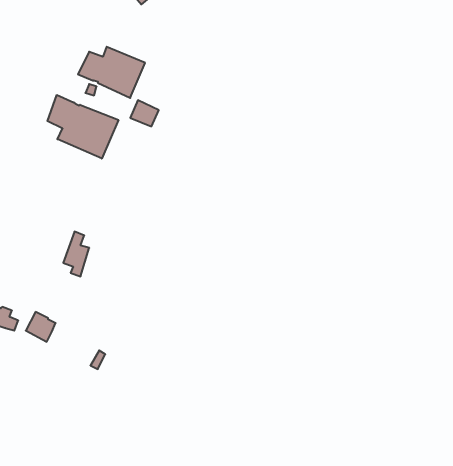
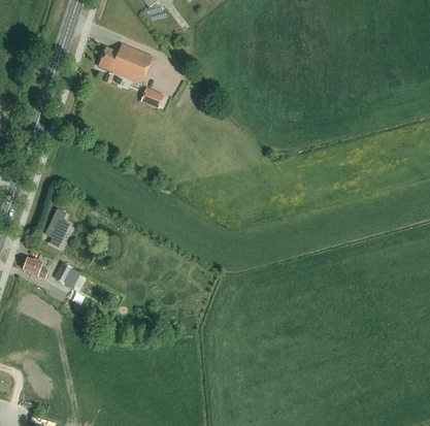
building: [47,95,118,159] -> none
building: [63,232,89,276] -> [45,206,67,243]

